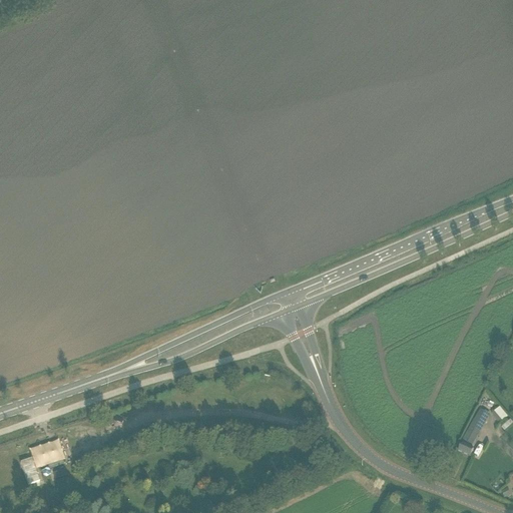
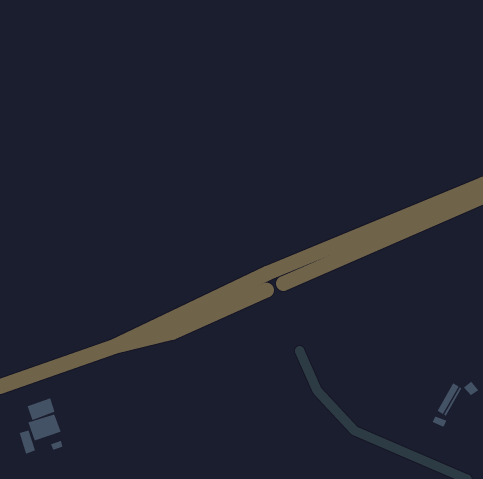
building: none -> [27,397,55,421]

